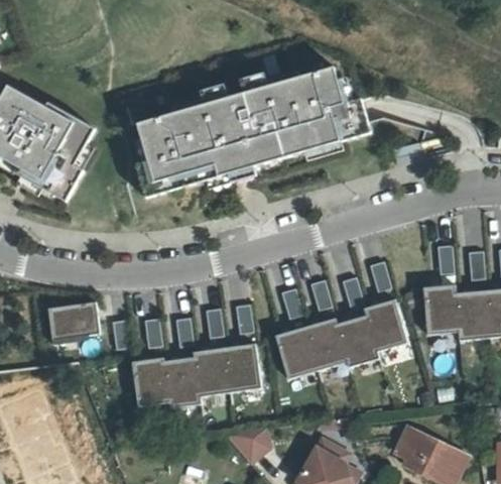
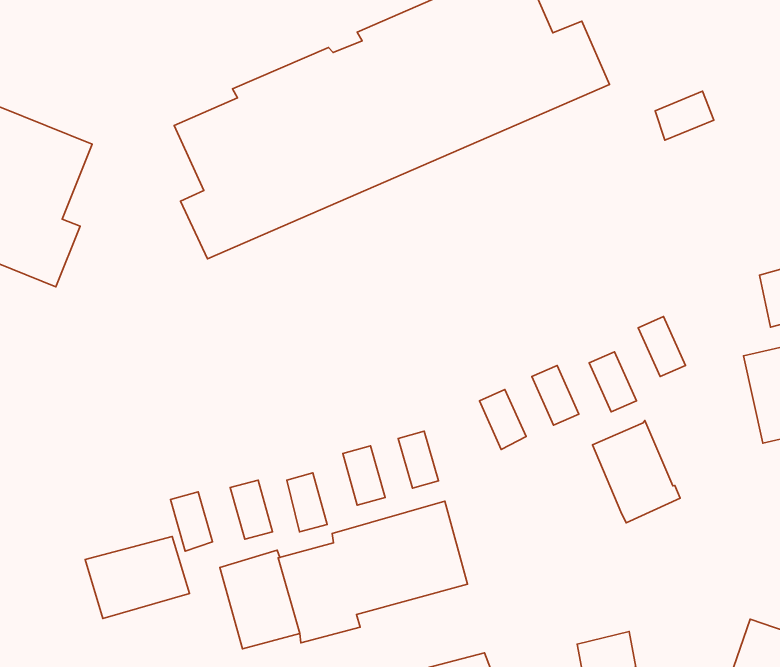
building: [363,297,407,350] -> none
building: [48,301,101,340] -> [85,536,189,619]
building: [275,317,347,377] -> none

